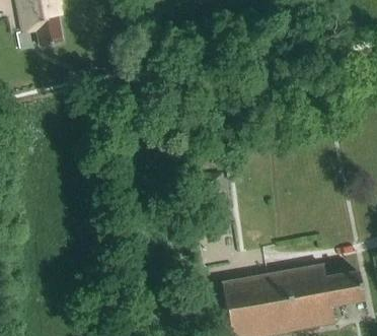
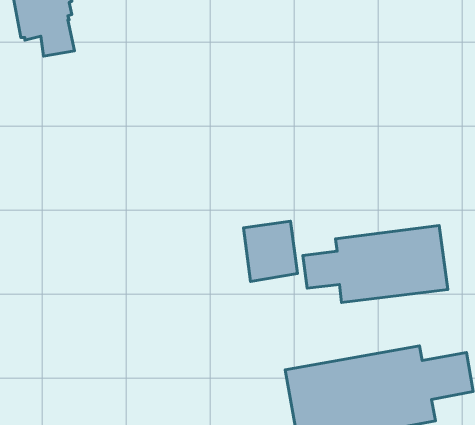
building: none -> [303,226,448,302]

